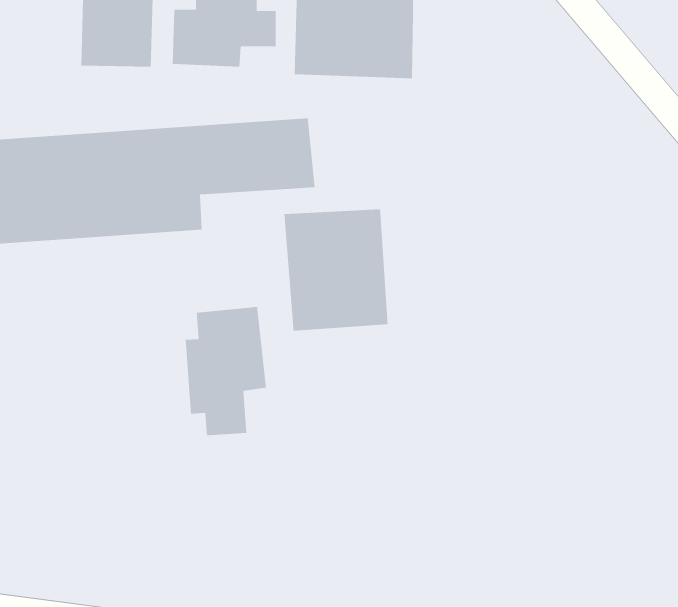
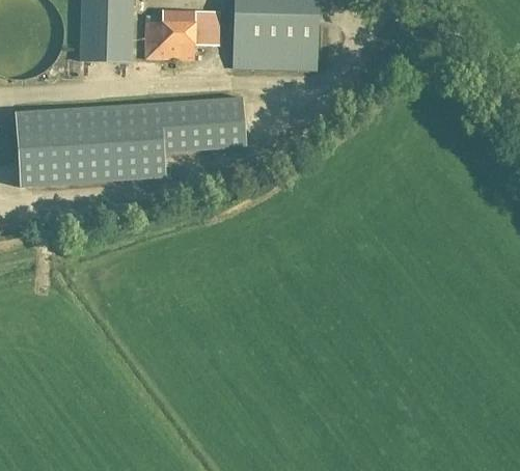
building: [284,208,388,331] -> none
building: [185,306,266,436] -> none

